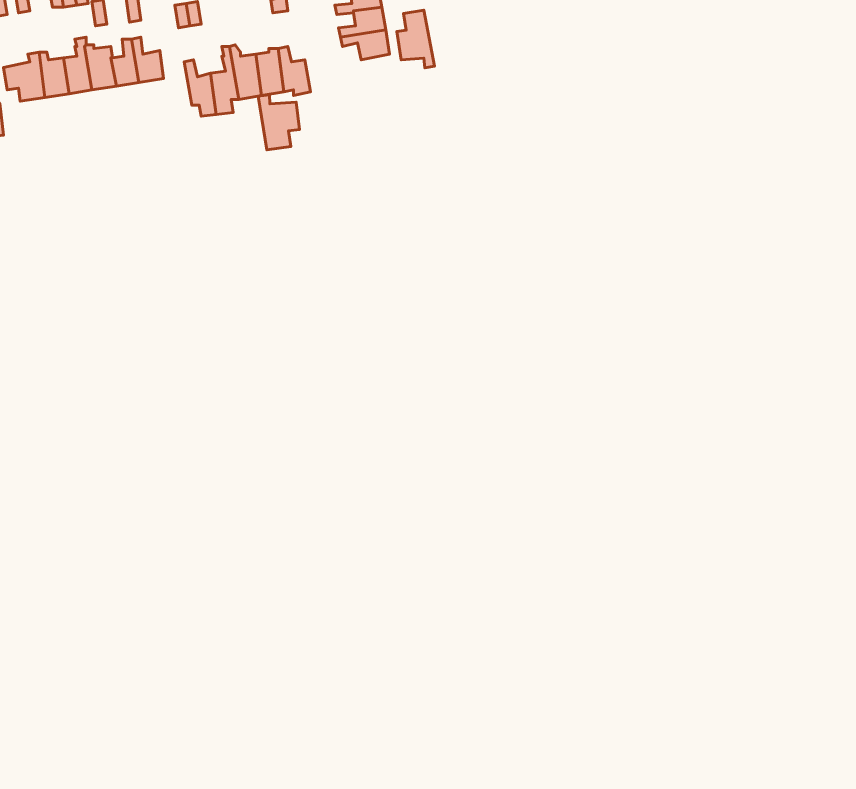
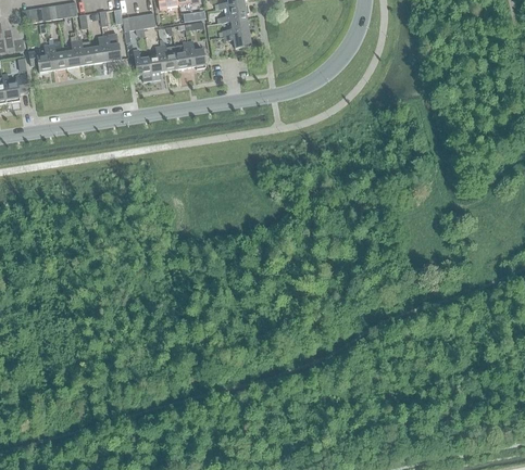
building: [397,10,434,68] -> none
building: [258,95,300,150] -> none

